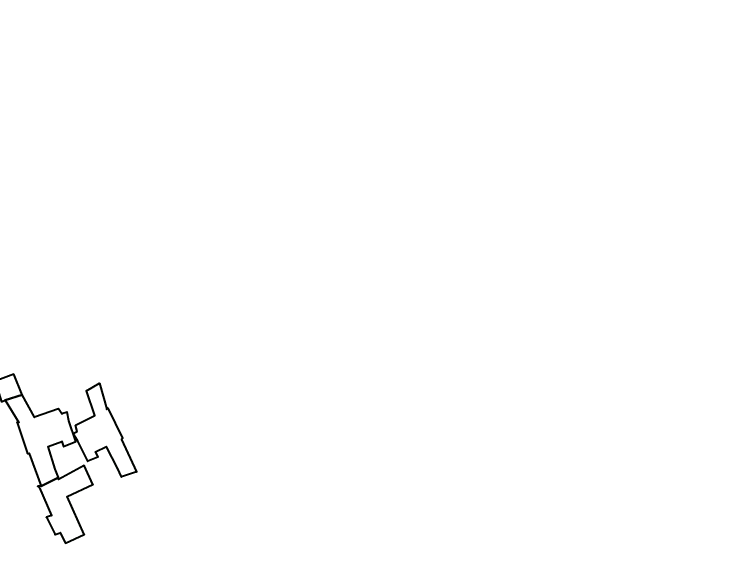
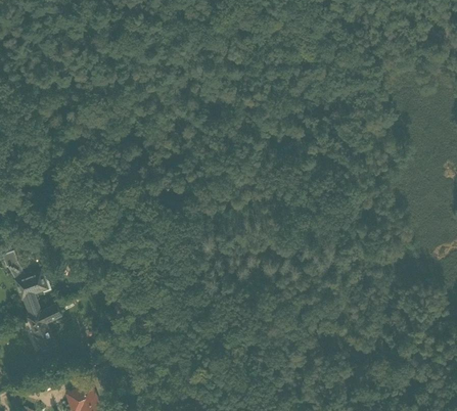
building: [73,383,137,477] -> none

